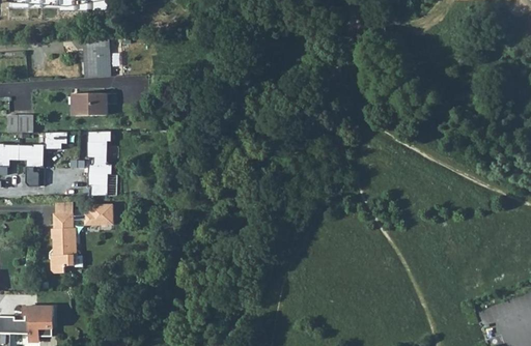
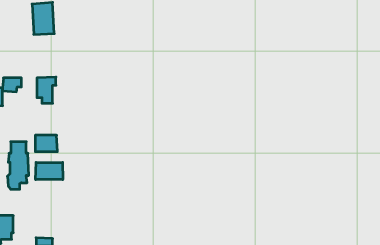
building: [69,93,106,115] -> none
building: [88,164,112,195] -> none
building: none -> [36,162,63,180]

